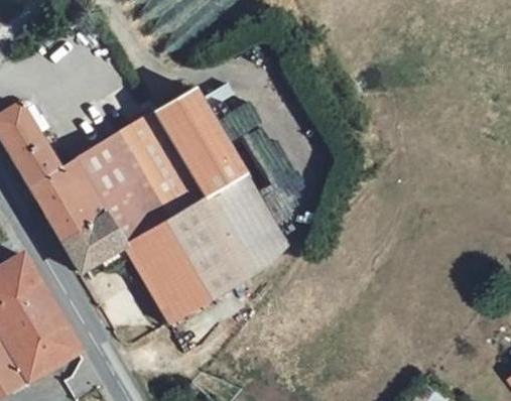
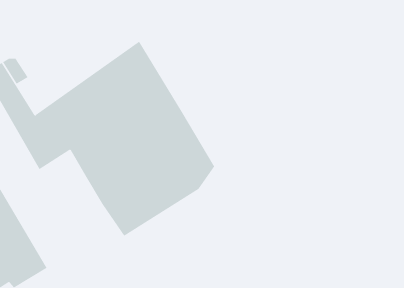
building: [63,216,120,274] -> none

